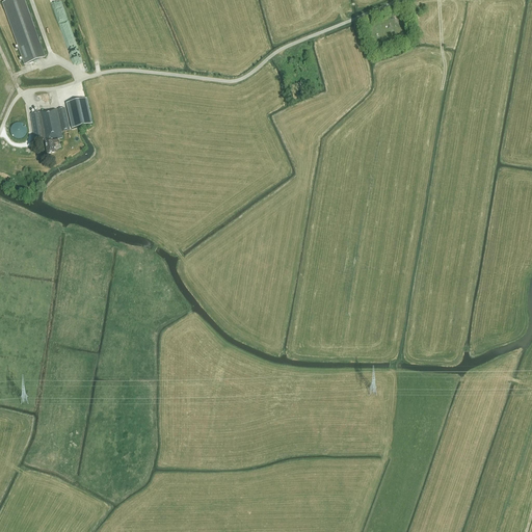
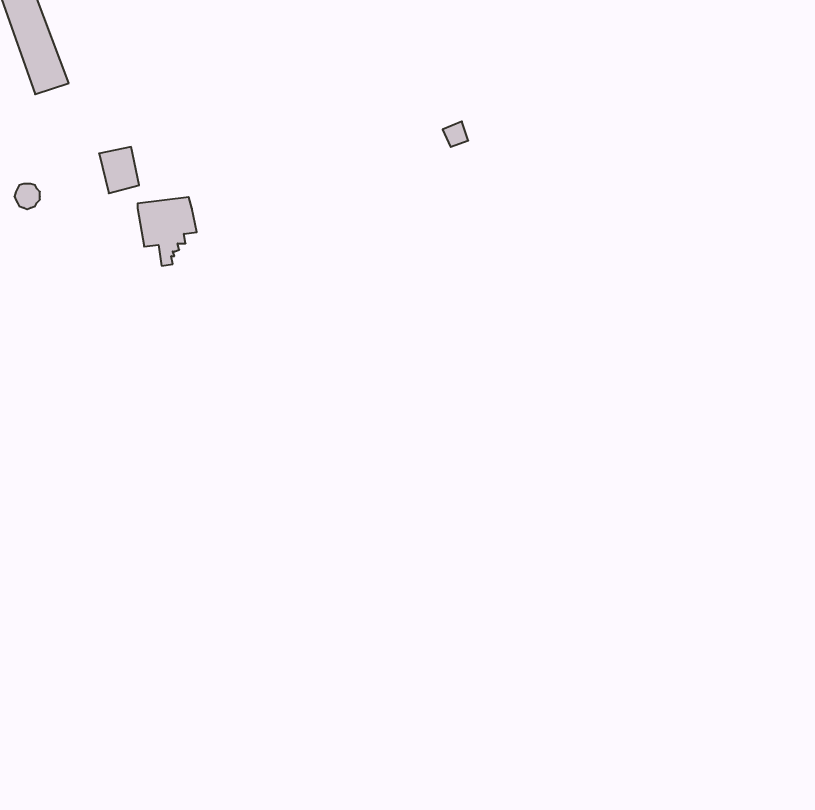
building: [30,105,69,150] -> [138,197,197,266]

